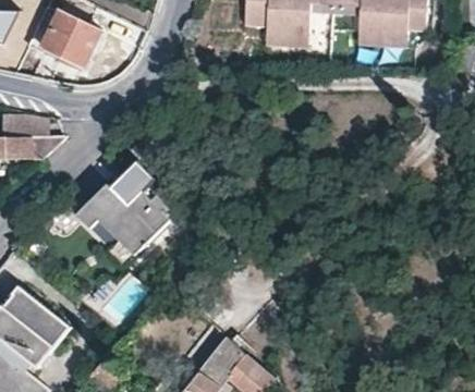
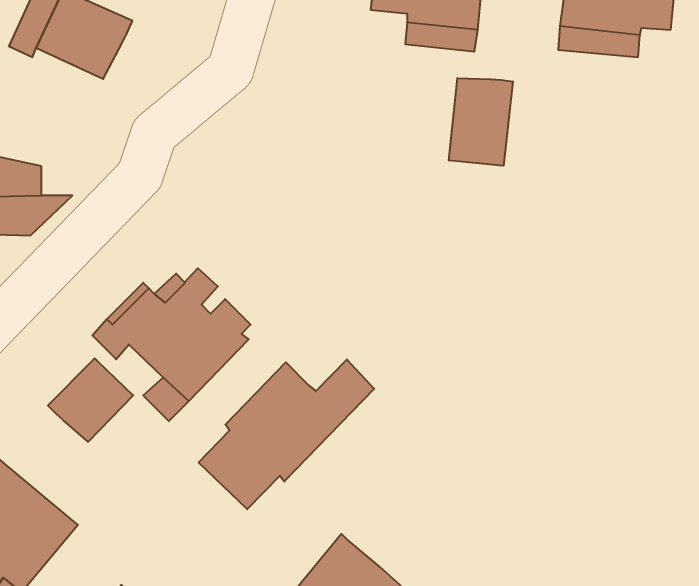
building: none -> [449,78,513,166]
building: none -> [48,358,133,442]
building: none -> [199,359,374,509]

